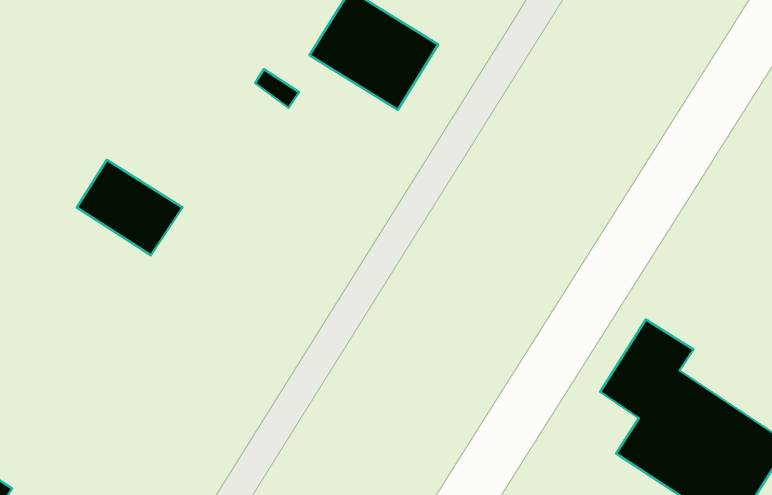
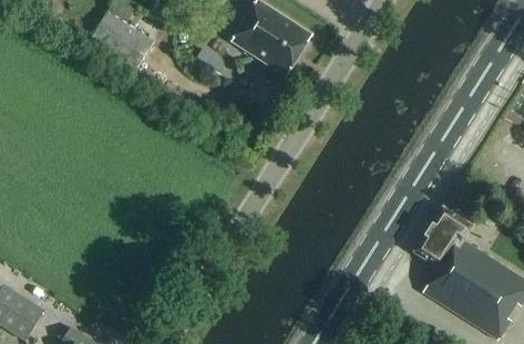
building: [77,160,182,255] -> [89,11,155,71]

